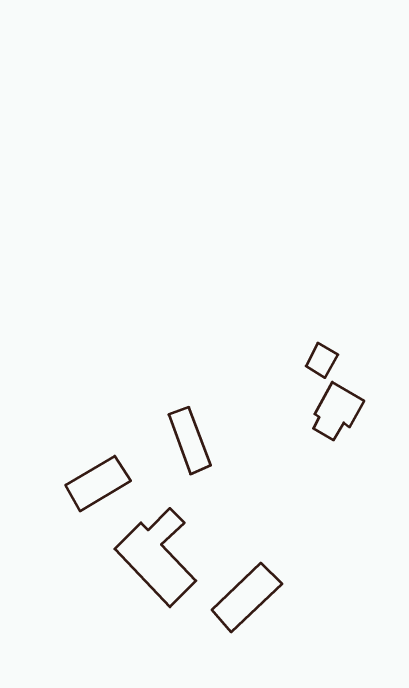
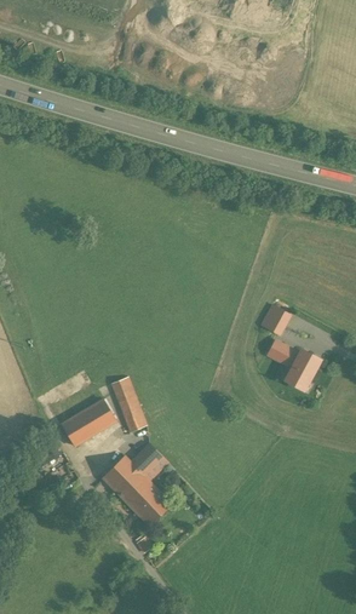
building: [169,407,211,474] -> [113,378,148,434]
building: [212,563,282,632] -> none

